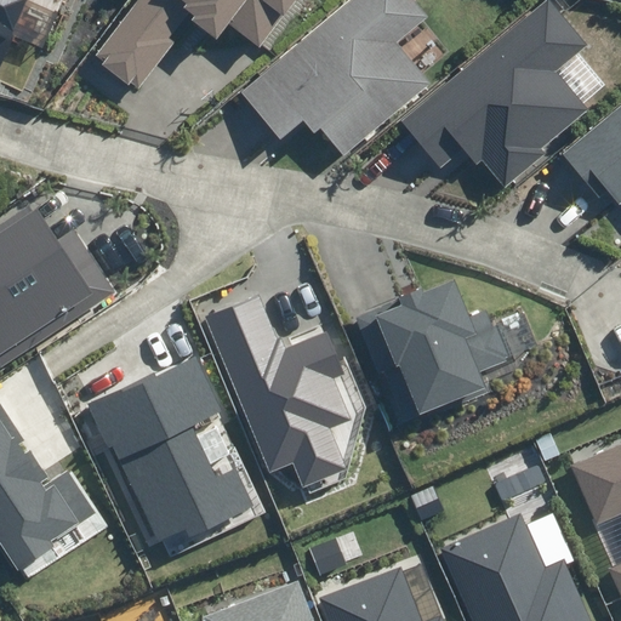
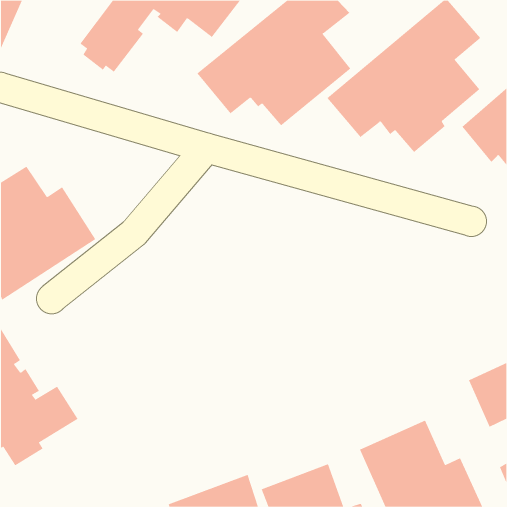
building: [355,280,511,415] -> none
building: [204,295,351,488] -> none
building: [89,358,255,540] -> none

